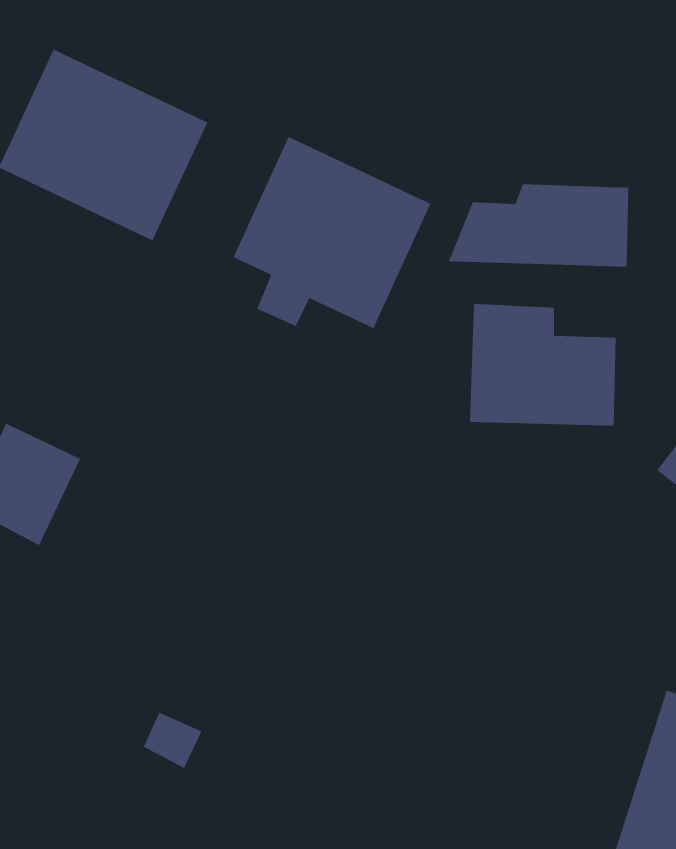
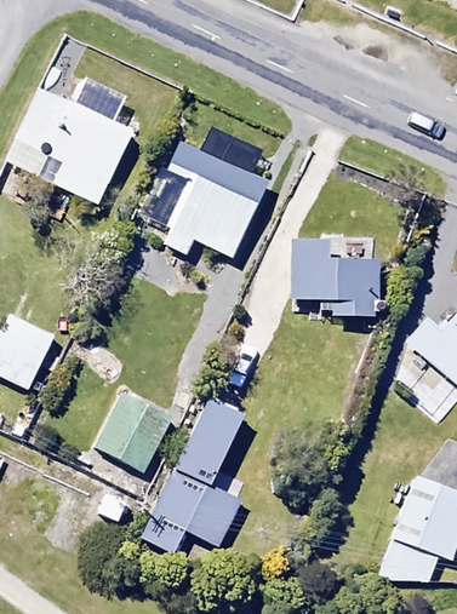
building: [448,183,629,268] -> none
building: none -> [91,391,167,470]
building: none -> [141,395,246,551]

